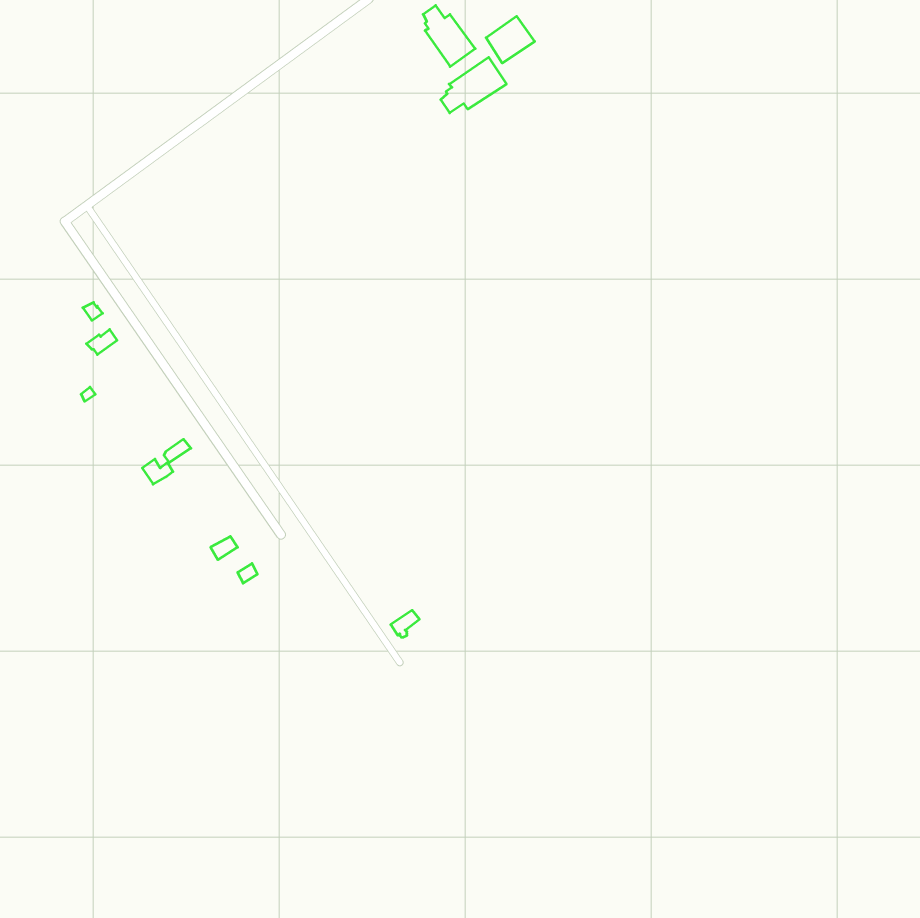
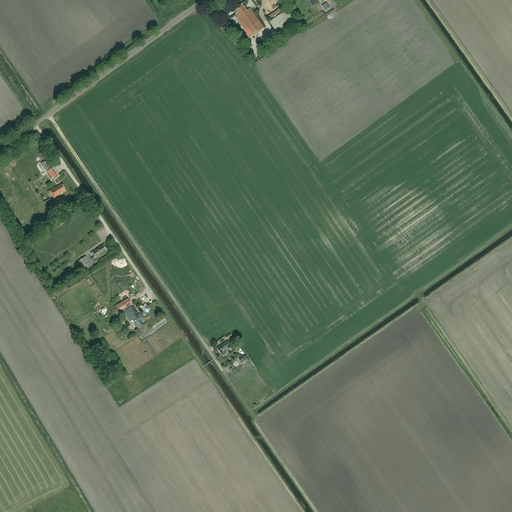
building: [441,57,506,113] -> none

